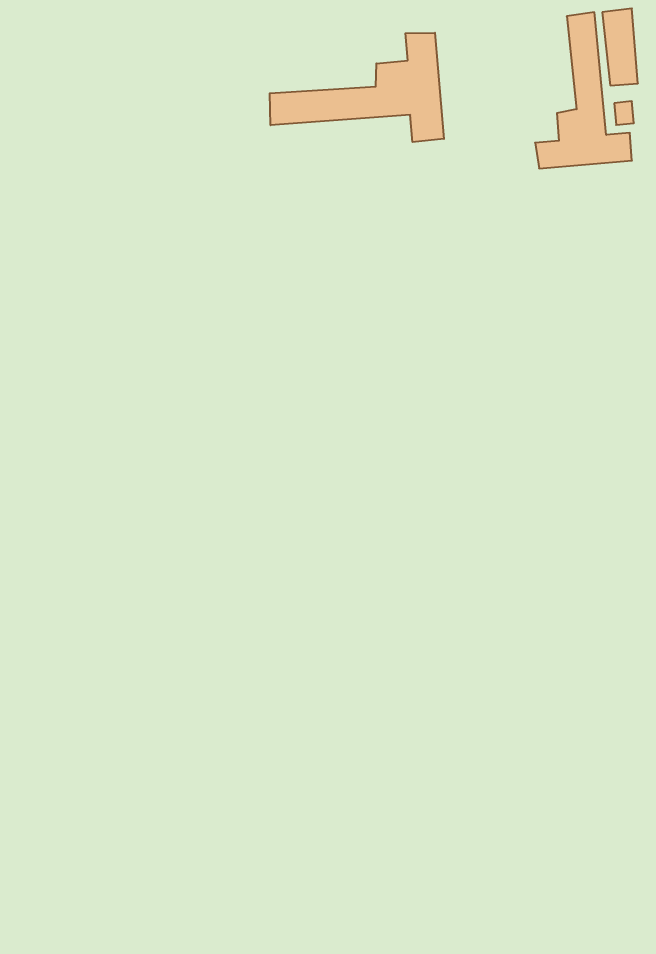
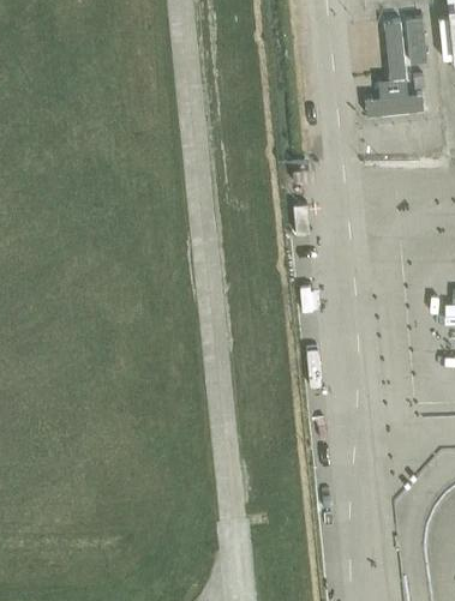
building: [270,33,444,142] -> none

